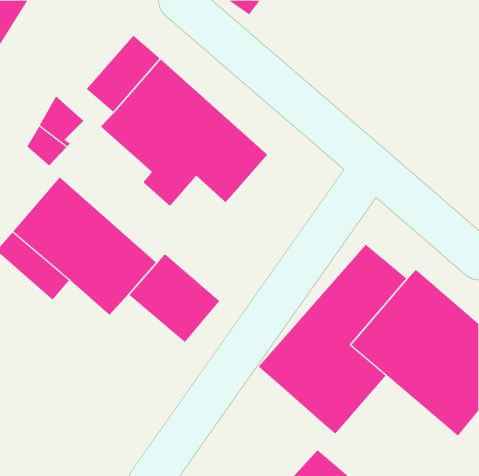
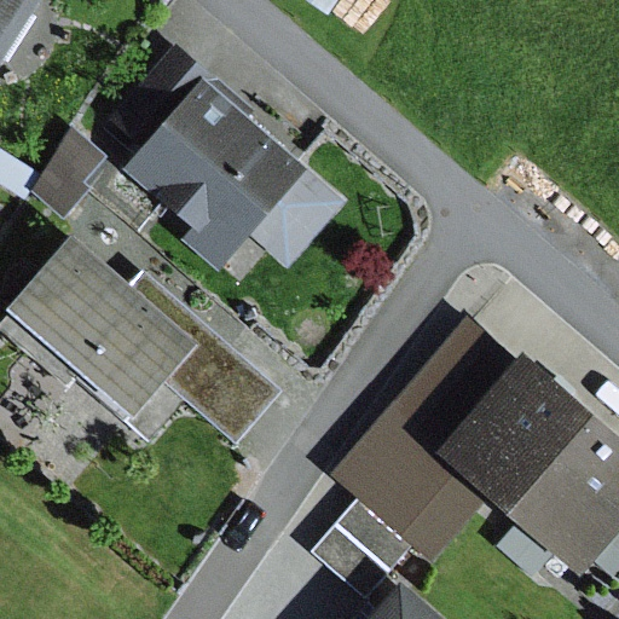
building: none -> [311,503,411,604]

